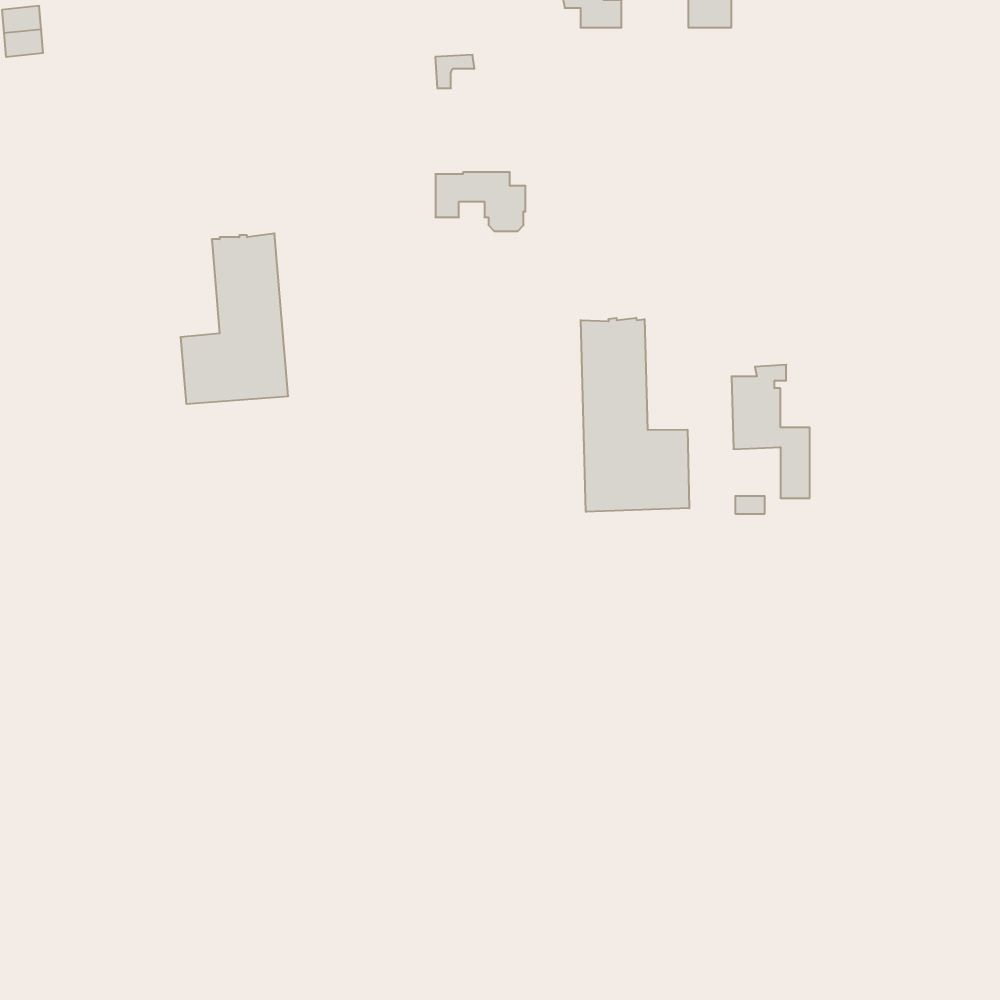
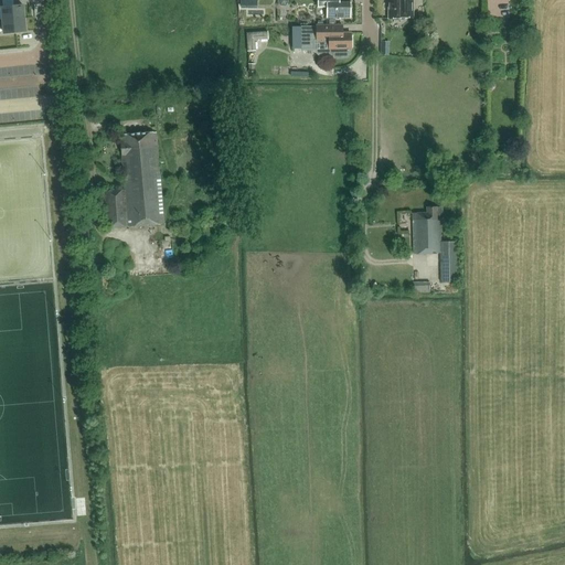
building: [435,172,526,231] -> [299,24,350,57]
building: [581,318,689,512] -> none

